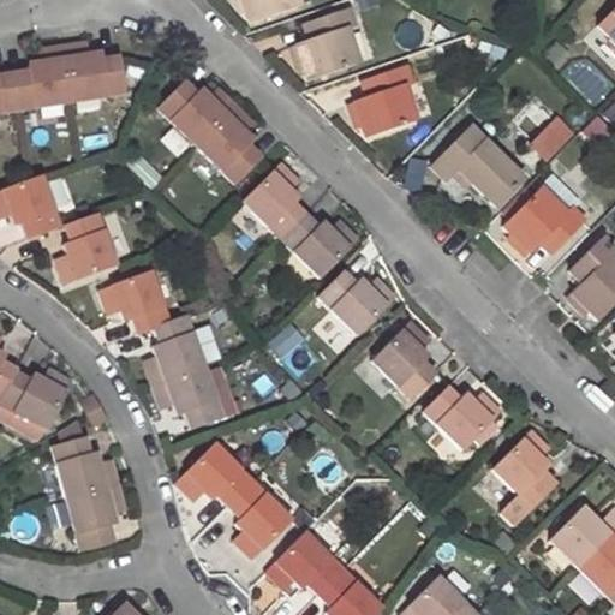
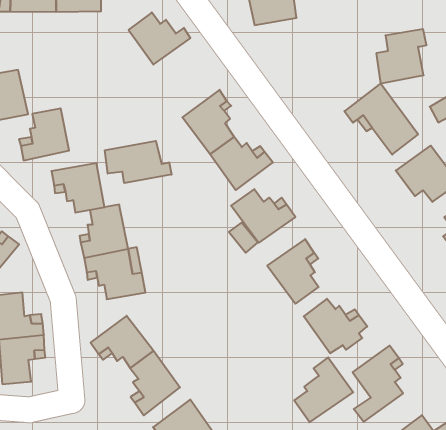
building: [357,64,417,136] -> [376,29,427,83]
building: [198,106,264,185] -> none
building: none -> [105,141,172,183]
building: none -> [294,357,353,422]

